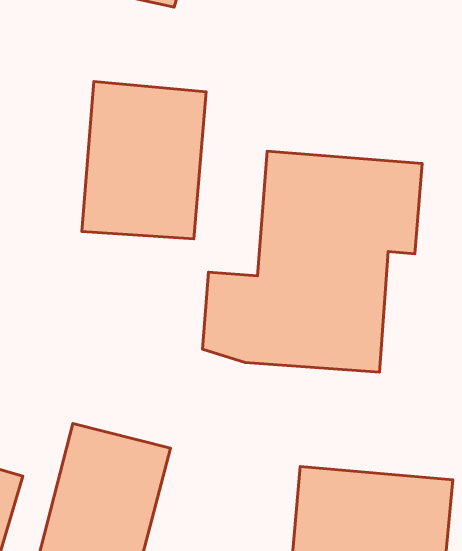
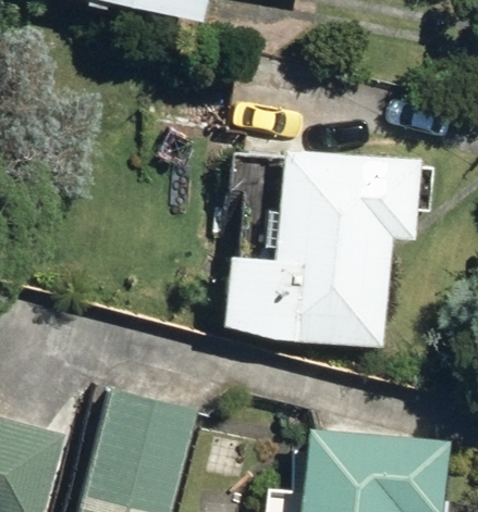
building: [82,82,206,239] -> none

